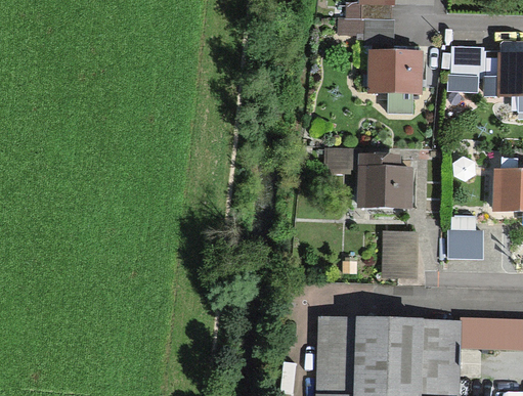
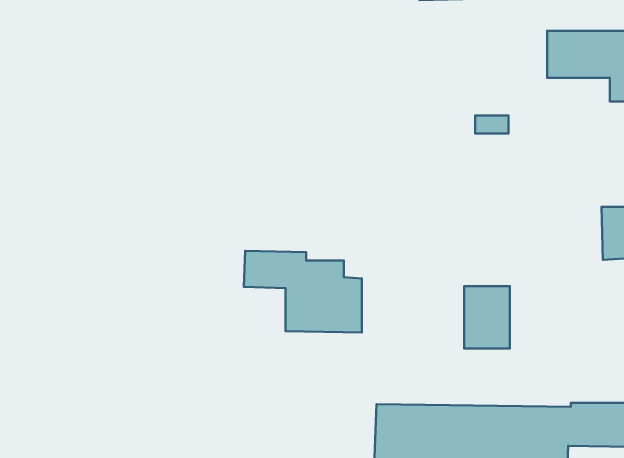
building: [361,53,412,95] -> none
building: [328,146,415,207] -> [244,251,362,333]
building: [448,229,483,260] -> none

